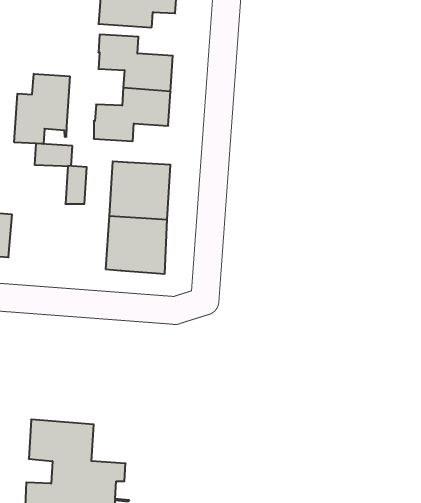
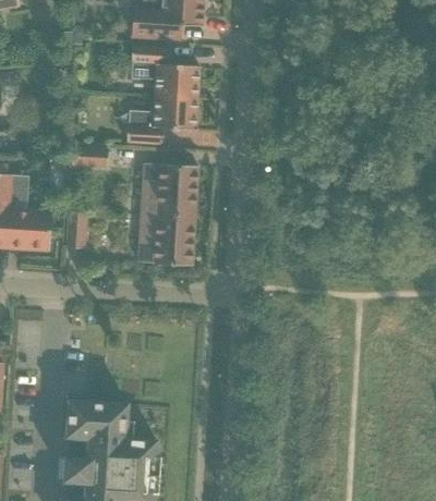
building: [14,74,70,144] -> none
building: [65,166,87,204] -> [66,213,86,248]

